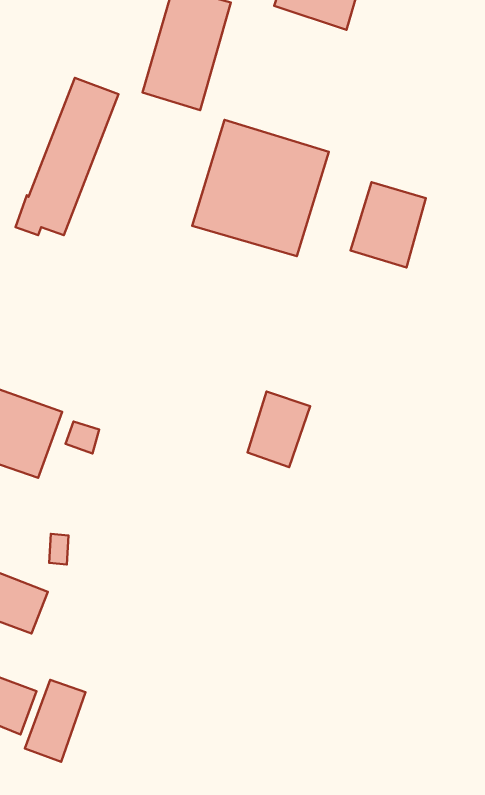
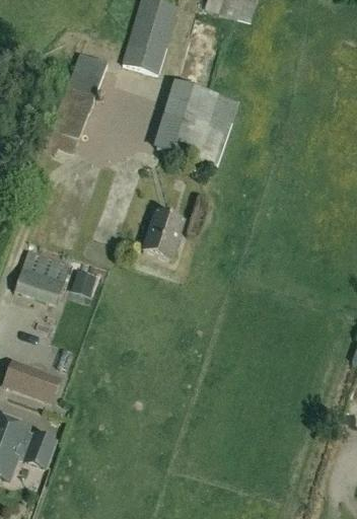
building: [350,182,426,267] -> none
building: [247,392,310,467] -> [144,210,184,257]
building: [25,680,85,762] -> none

